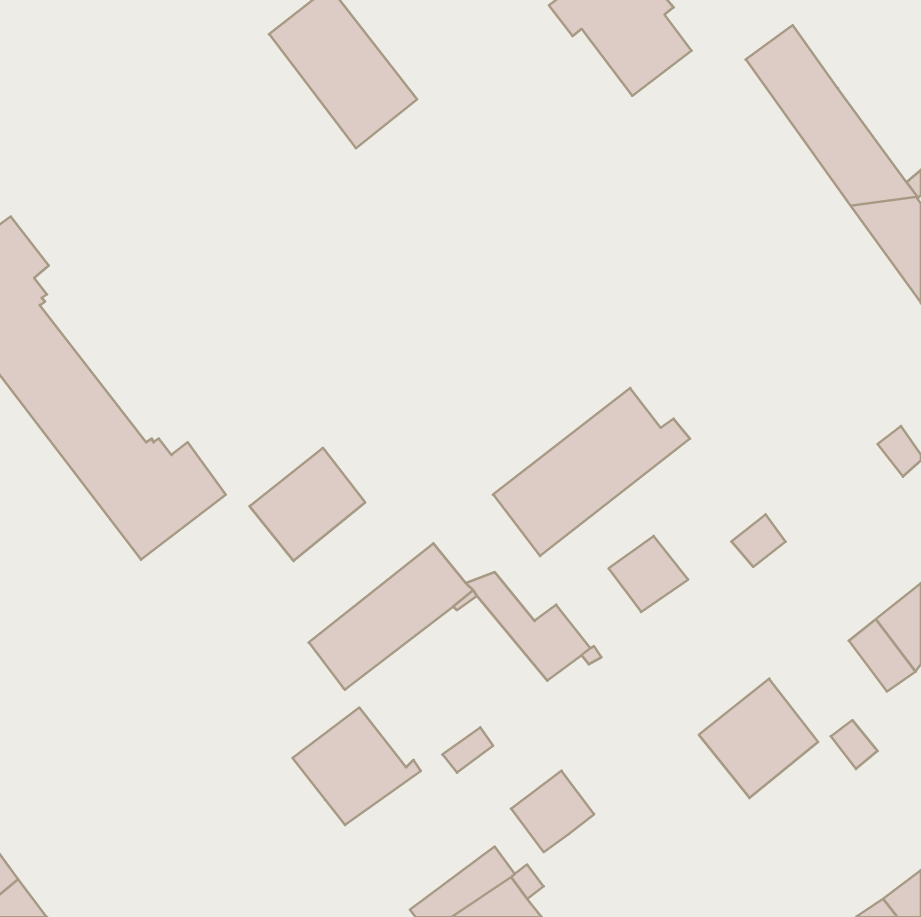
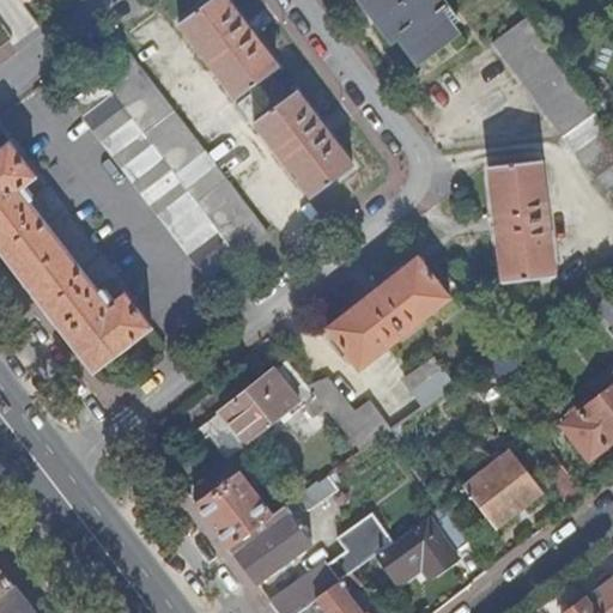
building: none -> [71,56,266,279]
building: none -> [254,90,352,196]
building: none -> [487,160,552,280]
building: [250,448,365,561] -> none
building: none -> [229,506,312,583]
building: none -> [377,506,468,579]

